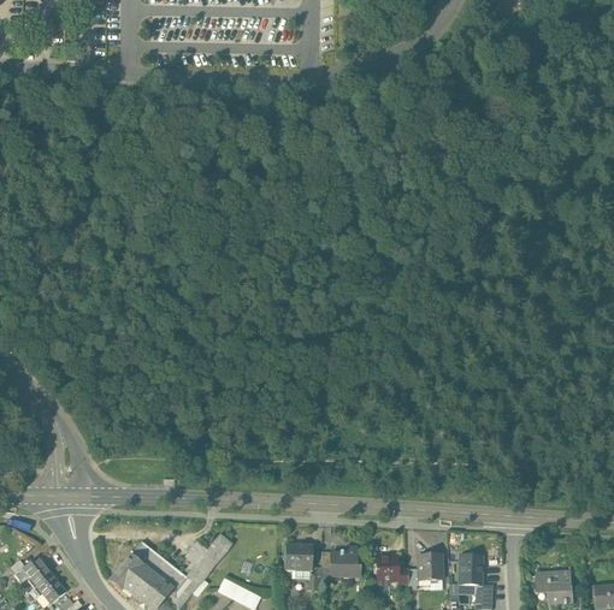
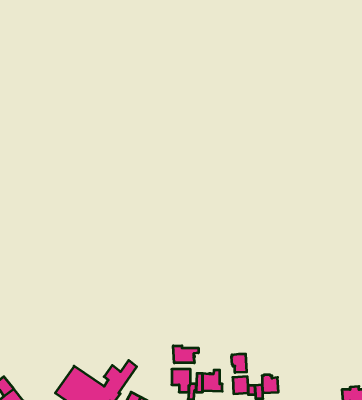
building: none -> [173,346,198,363]
building: none -> [231,354,247,373]
building: [459,555,482,585] -> none

